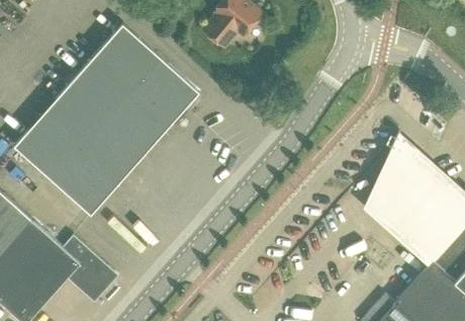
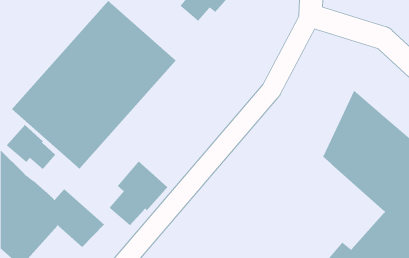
building: none -> [6,124,56,170]
building: none -> [109,161,168,226]

